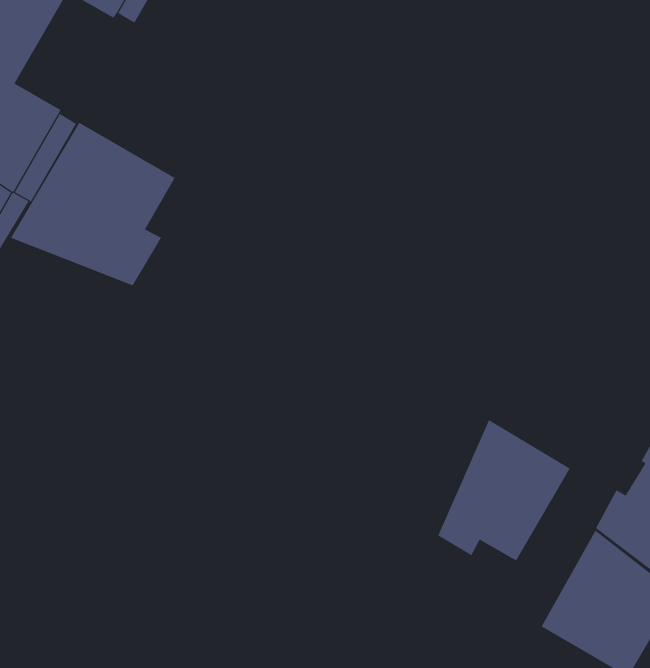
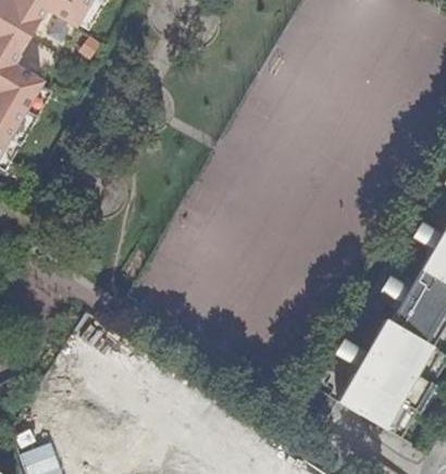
building: [10,122,175,286] -> none
building: [437,419,570,562] -> none

